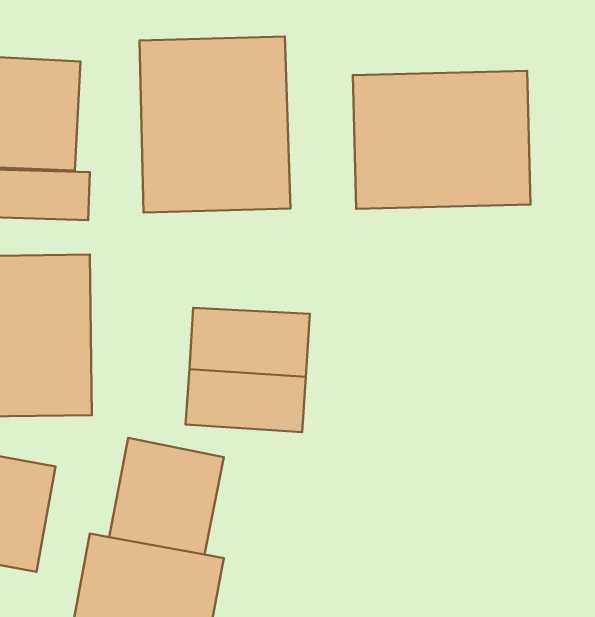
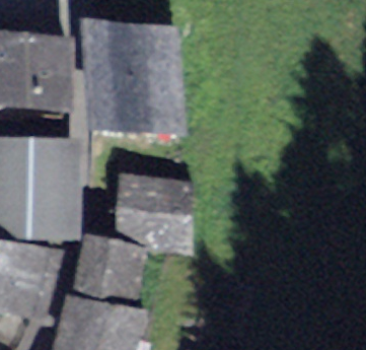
building: [353,71,531,209] -> none

